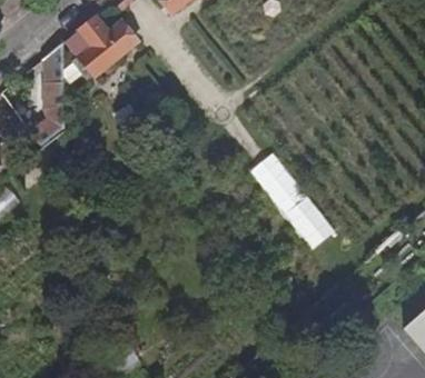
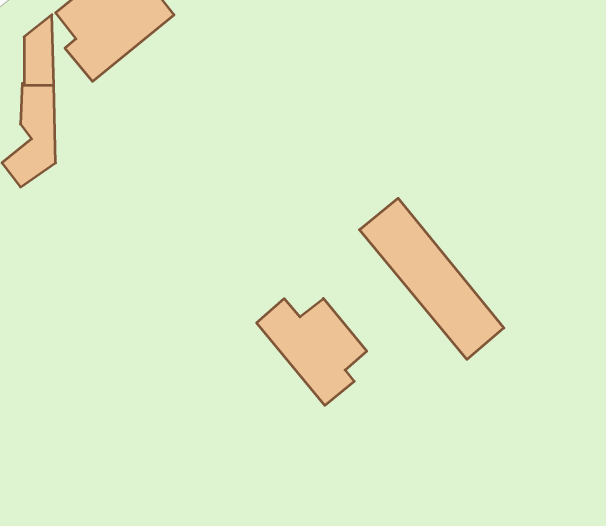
building: none -> [257,298,367,405]

